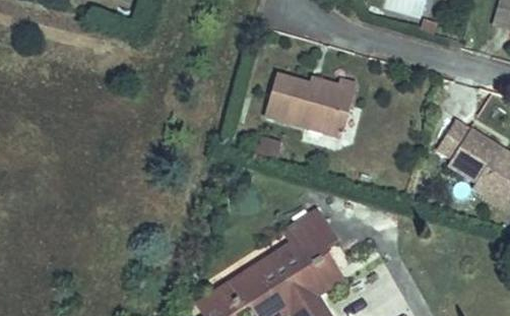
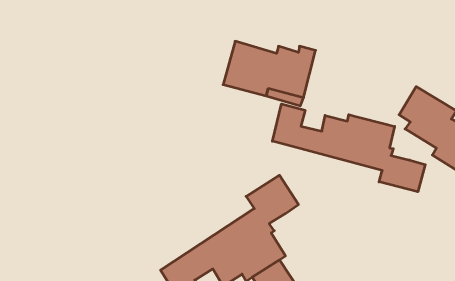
building: none -> [272,104,425,192]
building: [309,247,344,290] -> none

